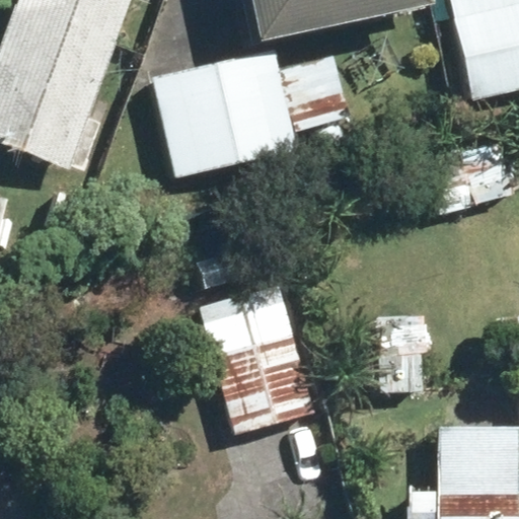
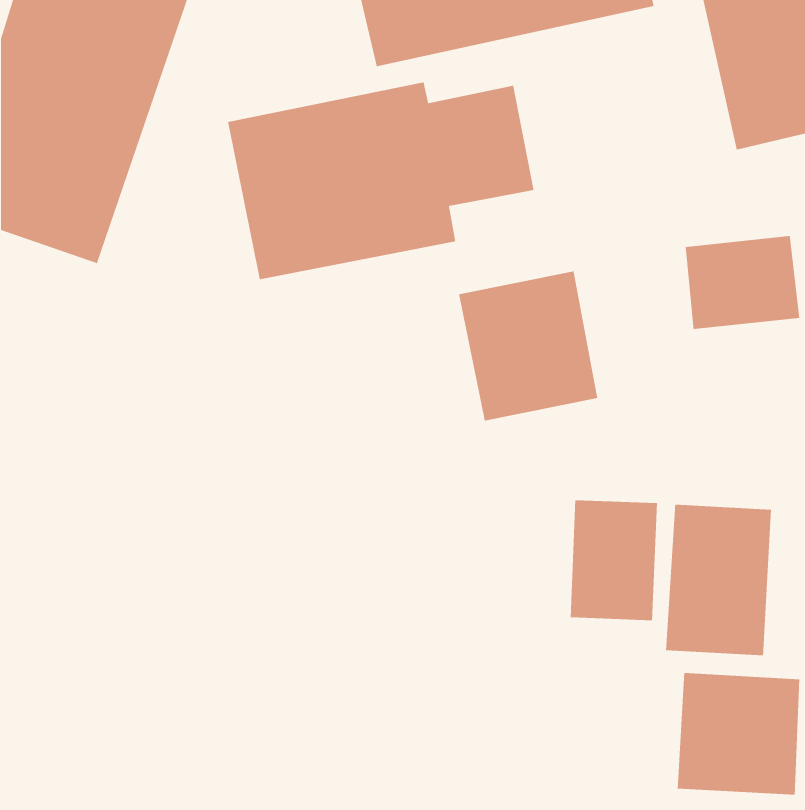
building: none -> [458,271,598,422]
building: [192,293,318,441] -> none
building: none -> [665,504,772,656]

